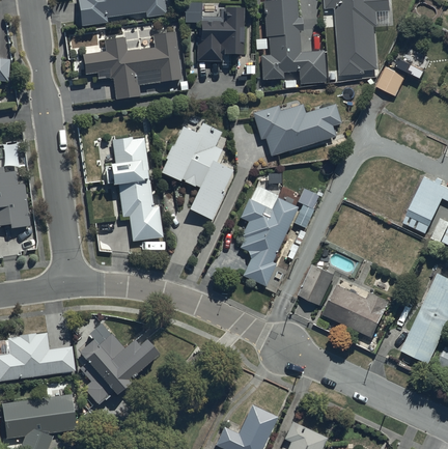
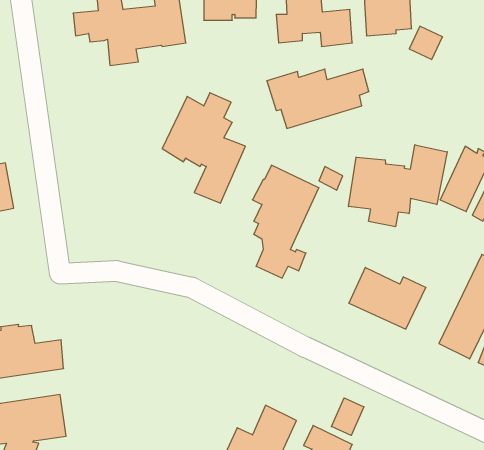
building: [109,140,162,245] -> none
building: none -> [349,145,447,227]
building: [299,261,336,303] -> none
building: [79,330,160,401] -> none
building: none -> [331,398,364,435]

